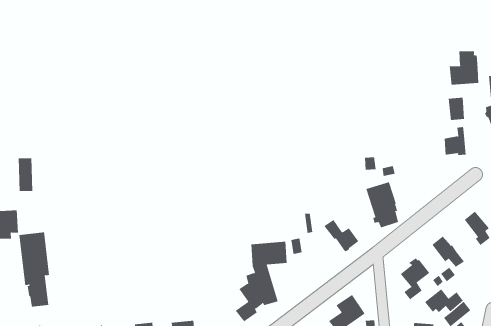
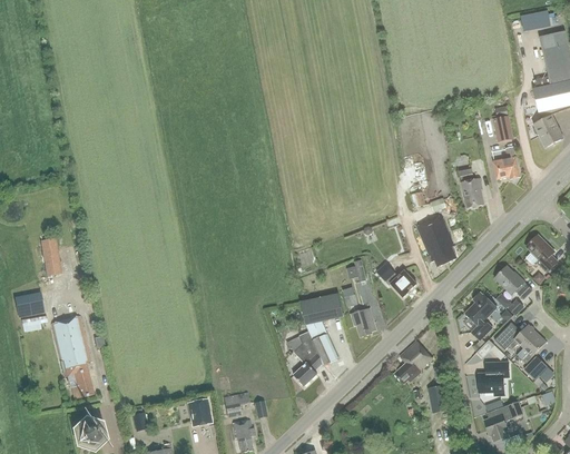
building: [449,50,479,86] -> none
building: none -> [459,168,484,207]
building: none -> [351,307,376,336]

